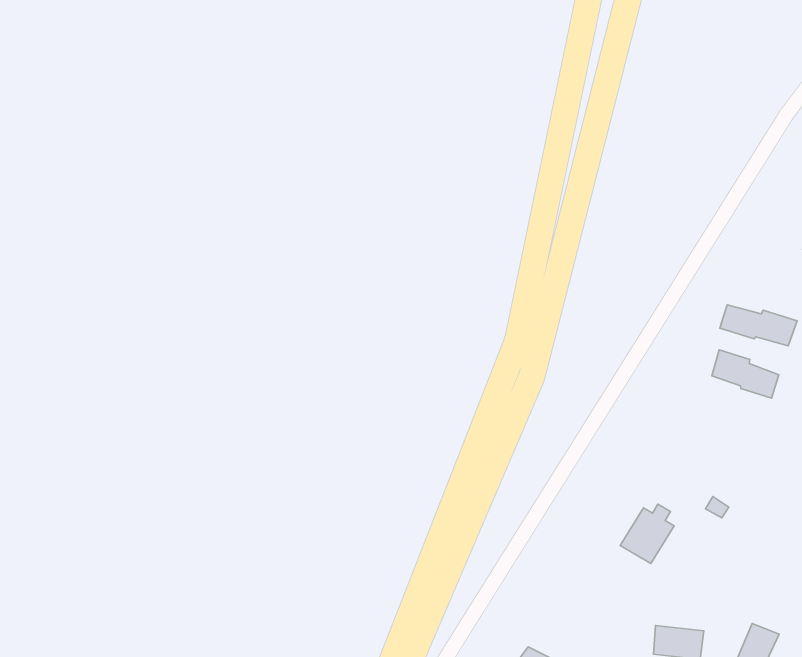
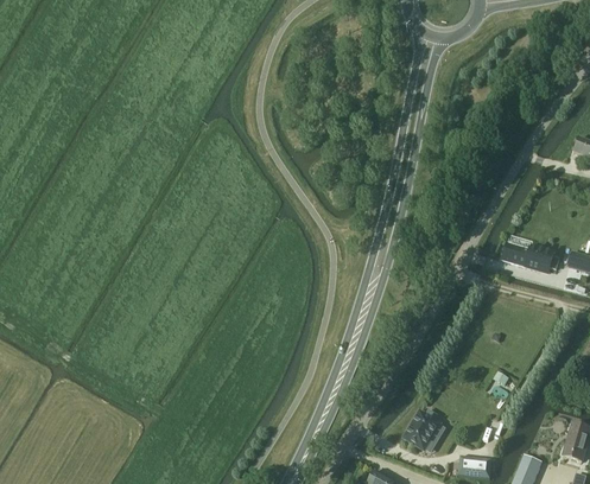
building: [712,350,779,398] -> none
building: [620,504,674,563] -> [405,410,440,450]

